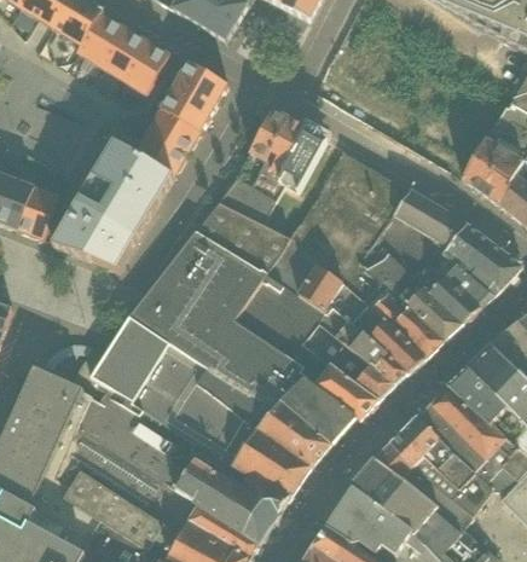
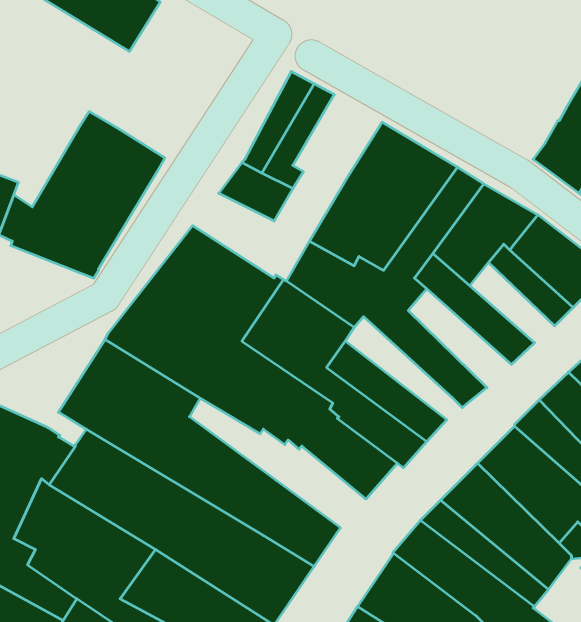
building: [134,60,227,175] -> none
building: [278,126,324,186] -> none
building: [195,203,286,272] -> none
building: [412,257,479,320] -> none
building: [364,278,445,355] -> none
building: [314,300,406,381] -> none
building: [192,364,330,465] -> none

